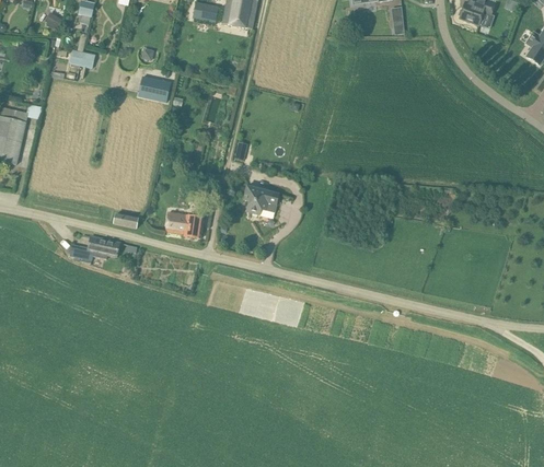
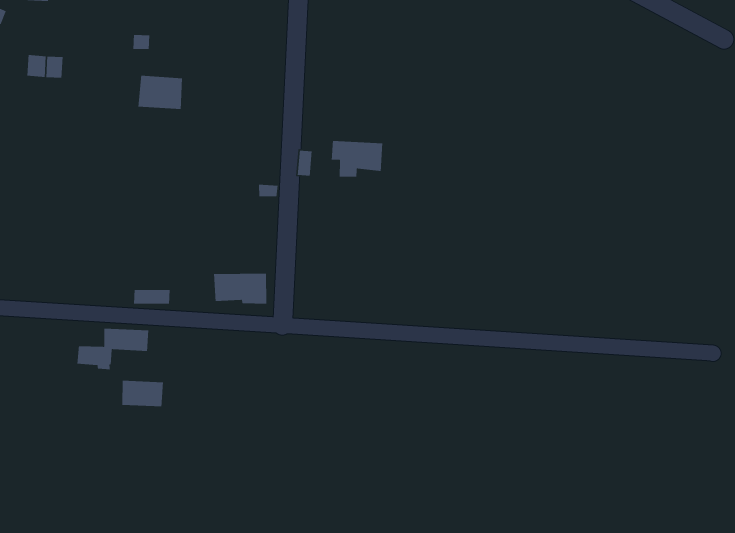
building: [244,186,280,213] -> [331,140,383,178]
building: none -> [122,380,164,407]

